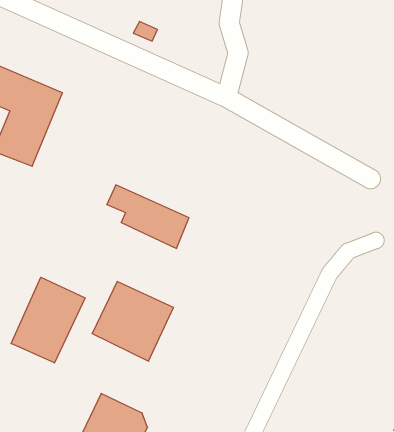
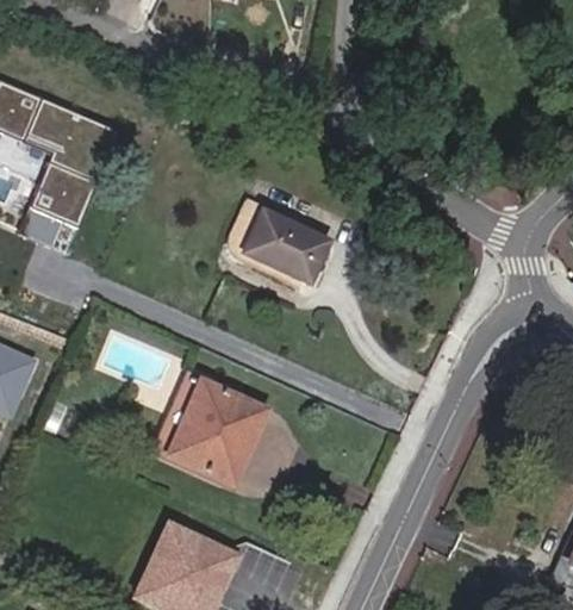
building: [107,185,189,248] -> [225,201,335,286]
building: [11,277,85,363] -> none

